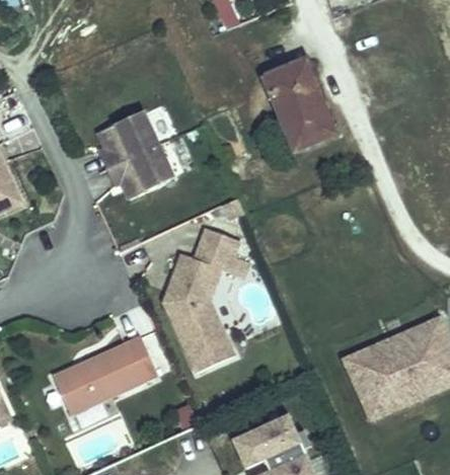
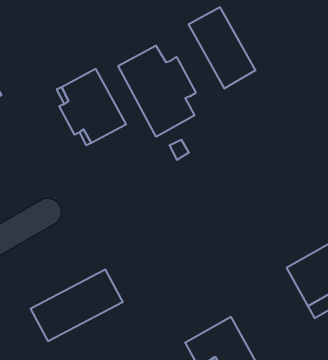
building: none -> [118,46,196,137]
building: [165,230,239,376] -> none

